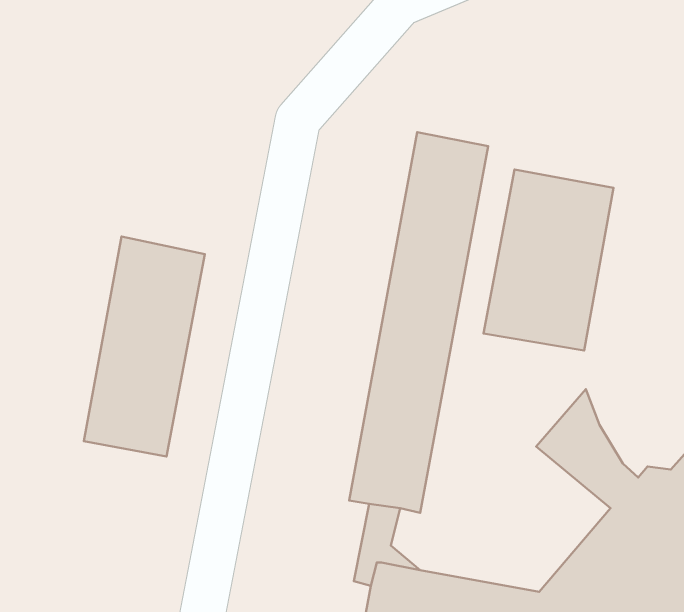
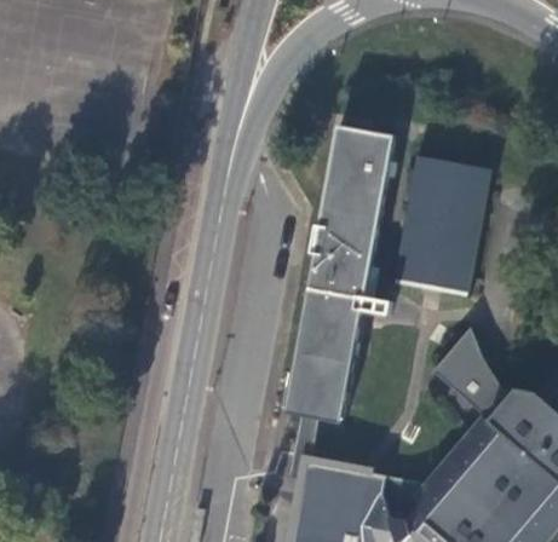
building: [84,236,205,457] -> none

